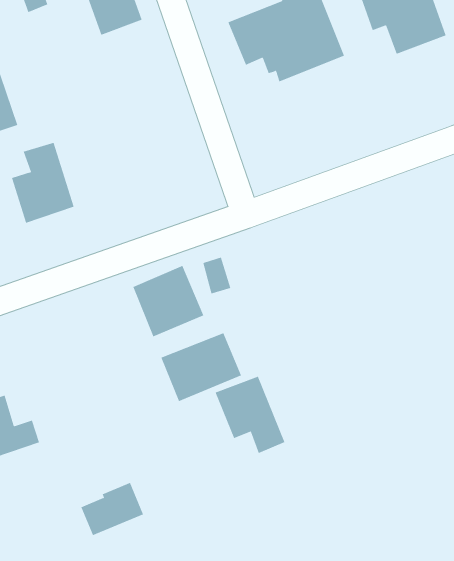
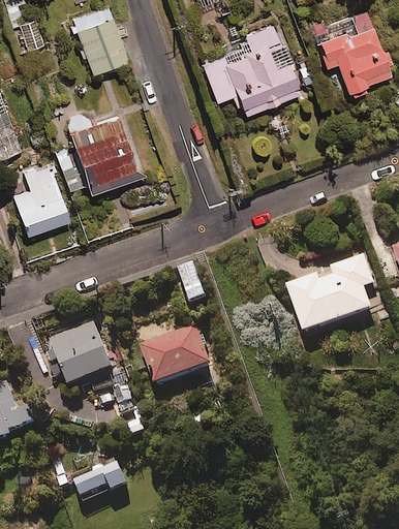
building: none -> [68,114,135,193]
building: none -> [289,260,377,337]
building: [132,265,204,337] -> [51,322,113,384]
building: [215,376,285,454] -> none

